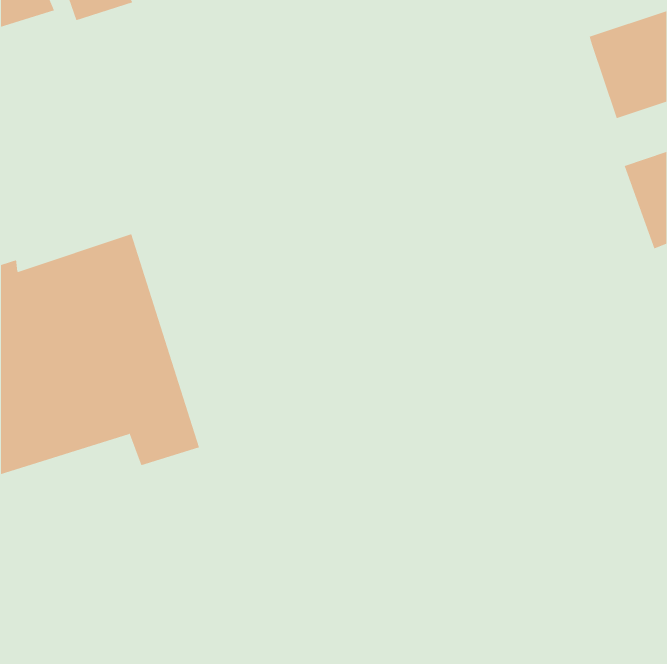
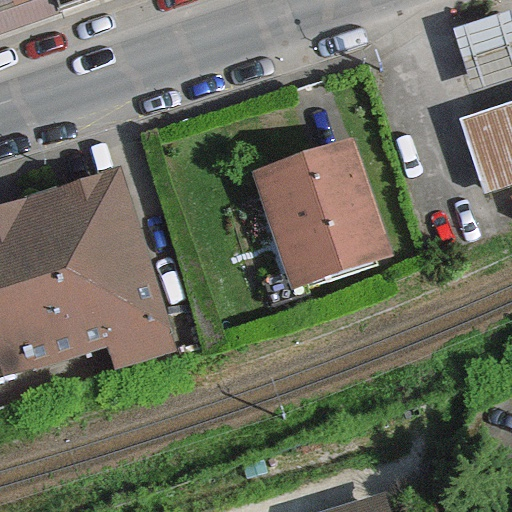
building: none -> [271,150,388,274]

